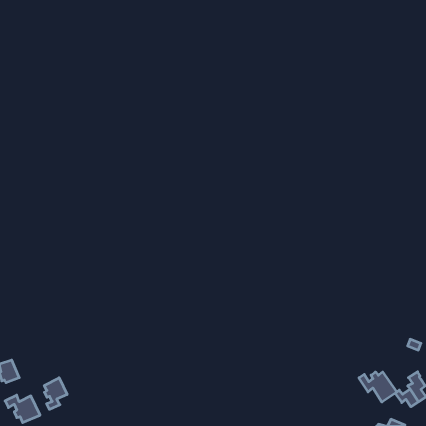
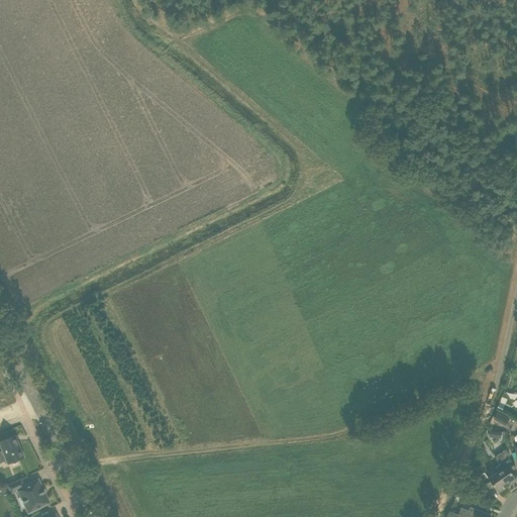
building: [359,372,397,402] -> none
building: [44,378,67,409] -> none

